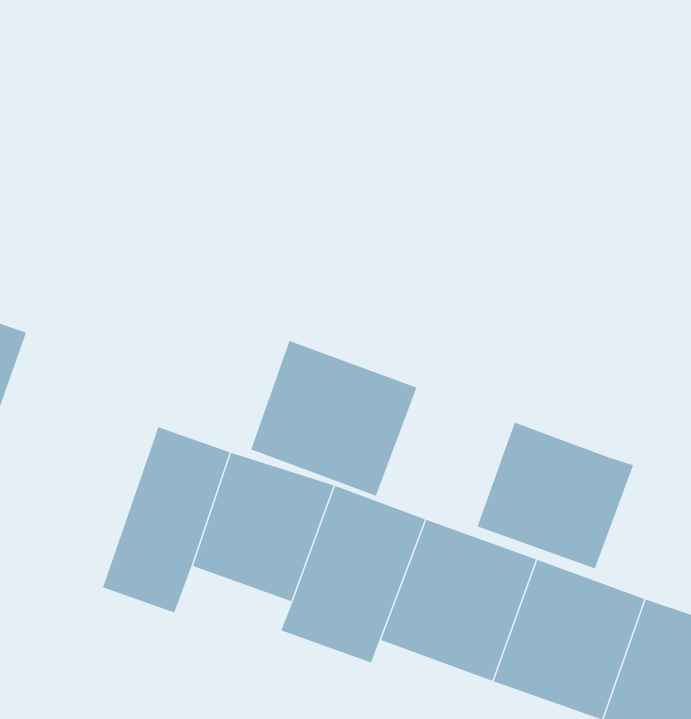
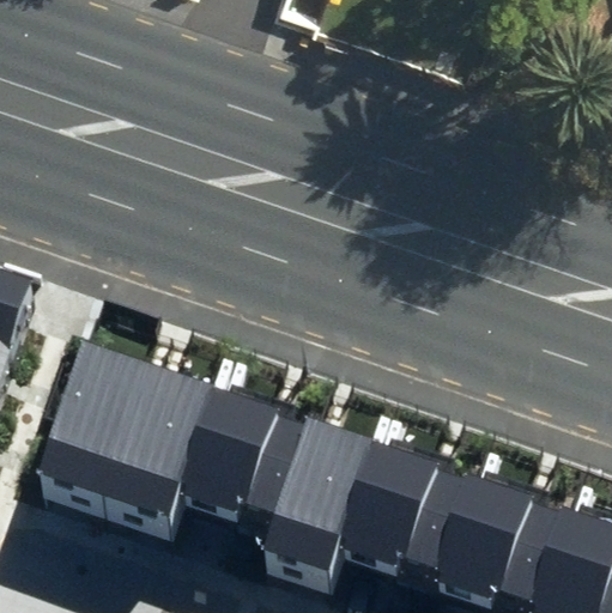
building: [251,340,417,497] -> none
building: none -> [35,342,147,500]
building: [477,422,634,569] -> none

